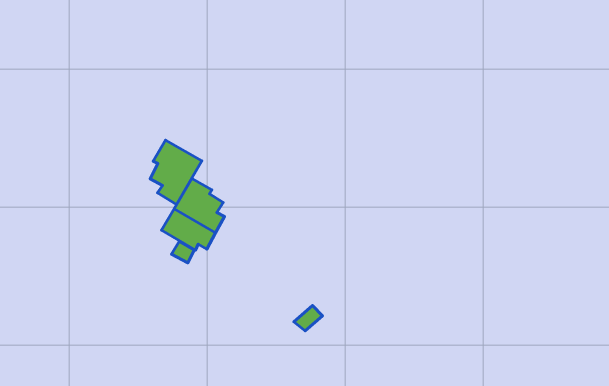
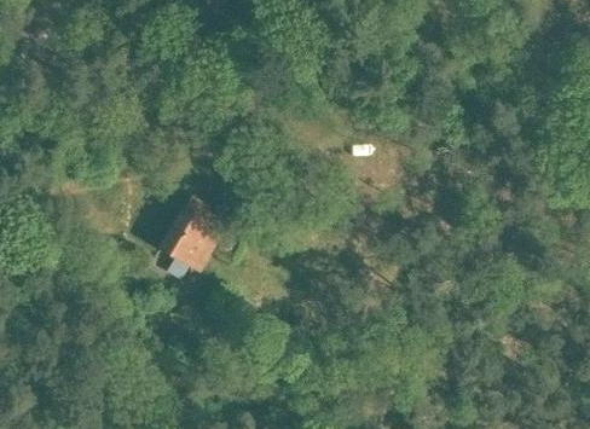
building: [150,140,202,204] -> none

